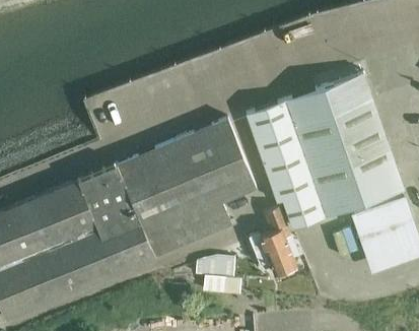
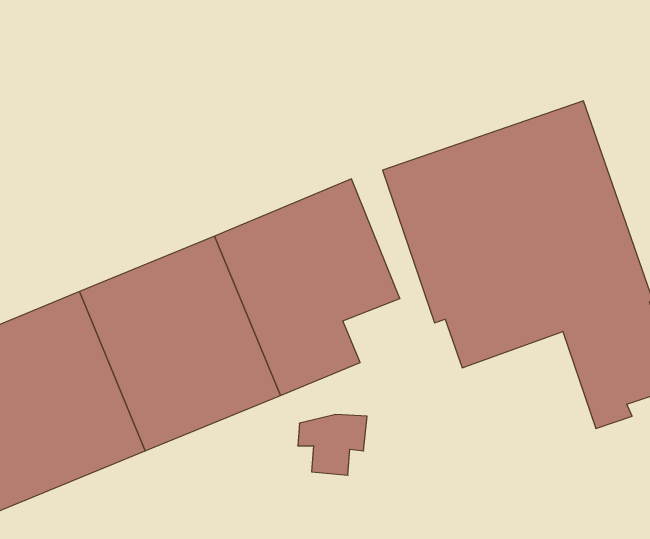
building: [249,207,299,275] -> none

